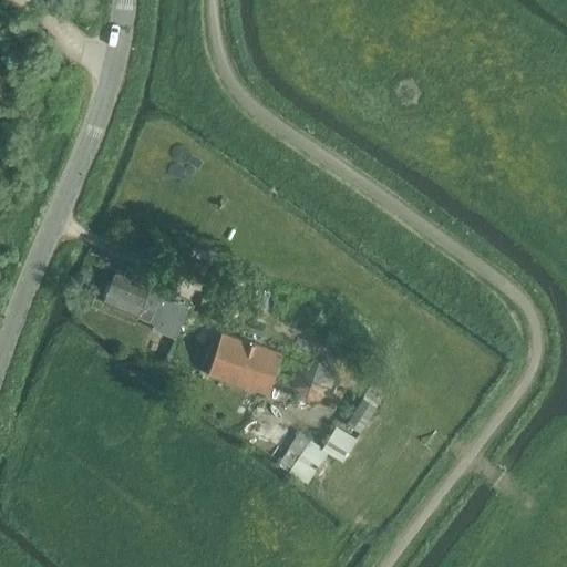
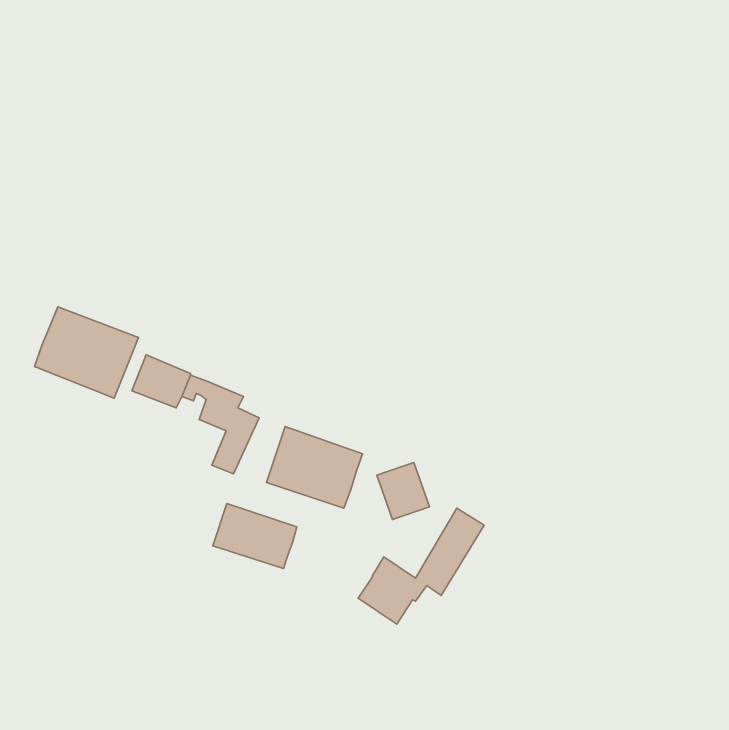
building: none -> [34,307,139,398]
building: none -> [213,503,297,568]

